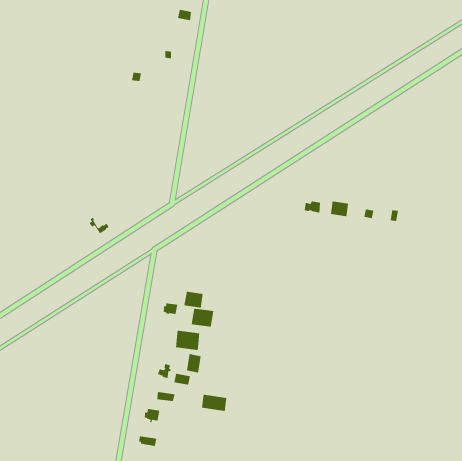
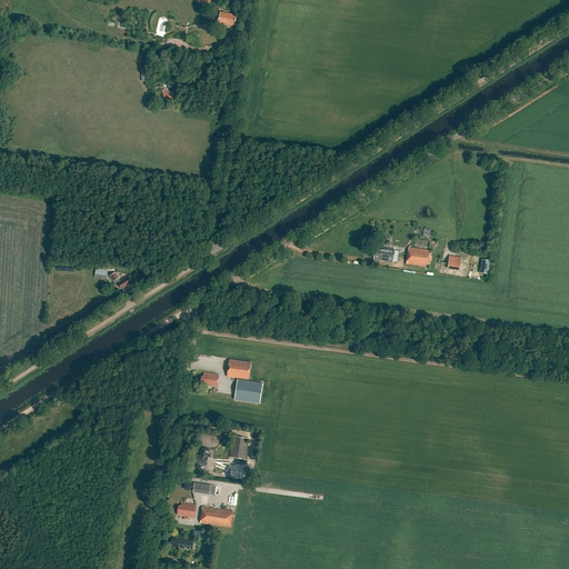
building: [176,330,200,351] -> none
building: [201,394,227,411] -> [200,506,232,527]

